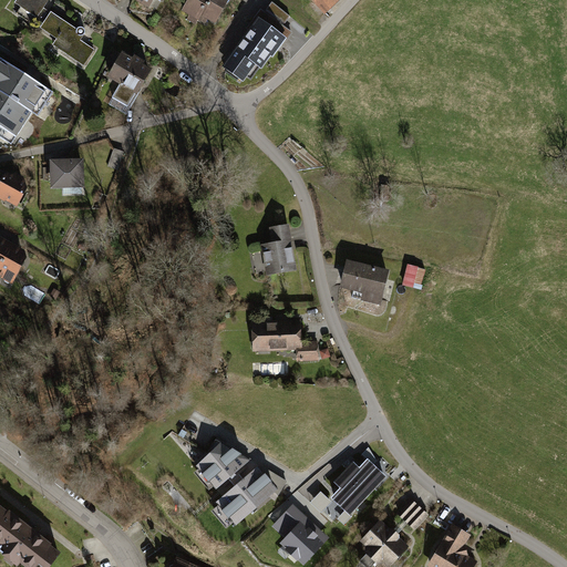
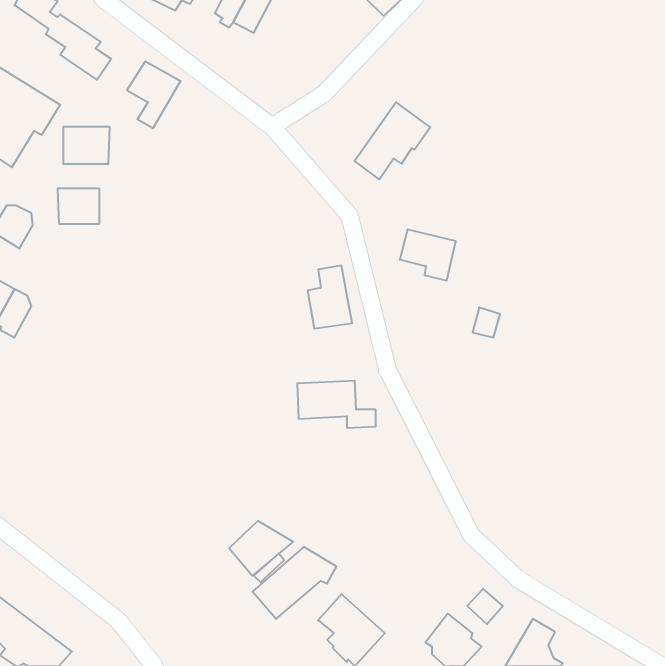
building: [218,16,282,81] -> [354,102,430,179]
building: none -> [64,127,109,164]
building: [340,262,388,306] -> [400,229,456,281]
building: [327,458,382,514] -> none

